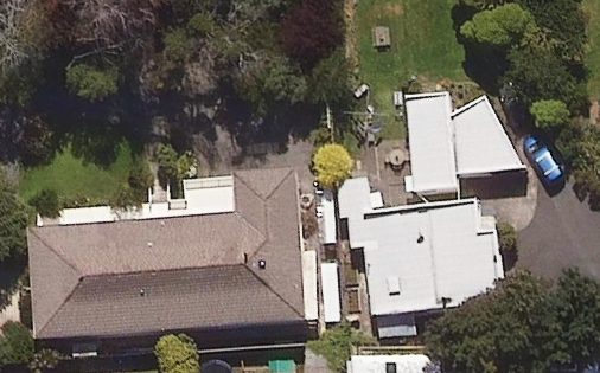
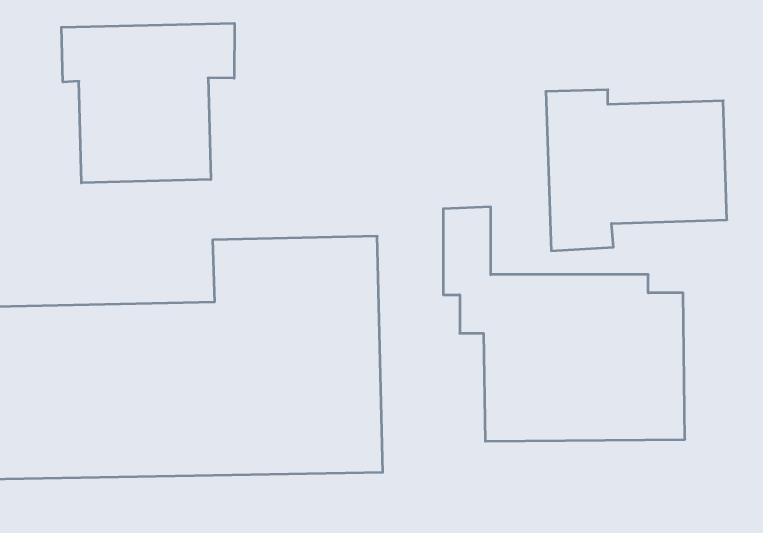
building: none -> [61,23,234,183]

